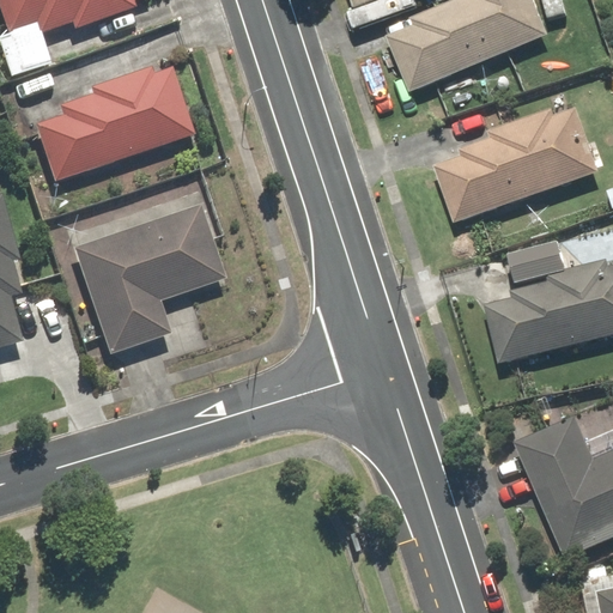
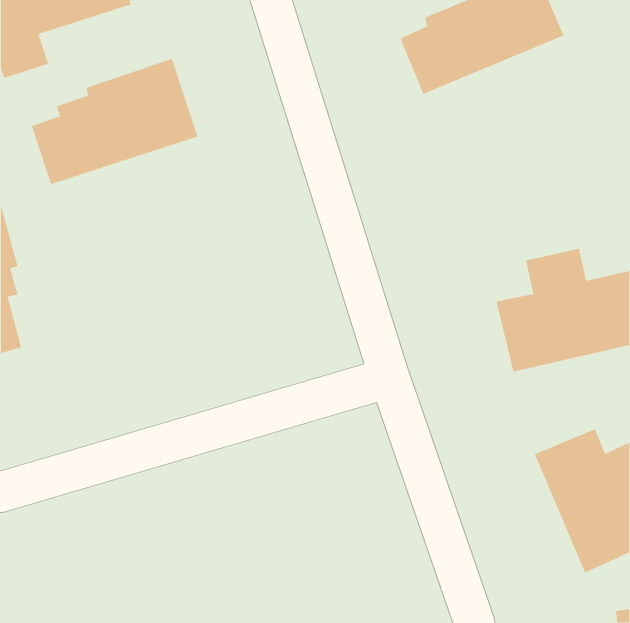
building: [429,103,600,225] -> none
building: [67,204,225,356] -> none

